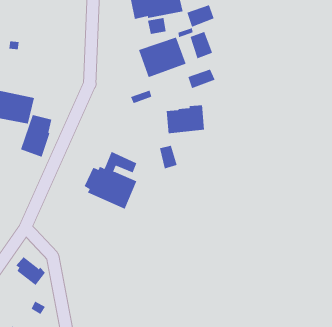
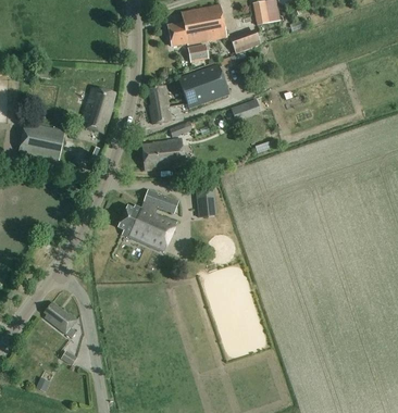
building: [190,31,213,59] -> none
building: none -> [149,85,171,124]
building: [166,105,205,134] -> [141,138,184,170]
building: [20,114,52,158] -> [79,86,114,133]

